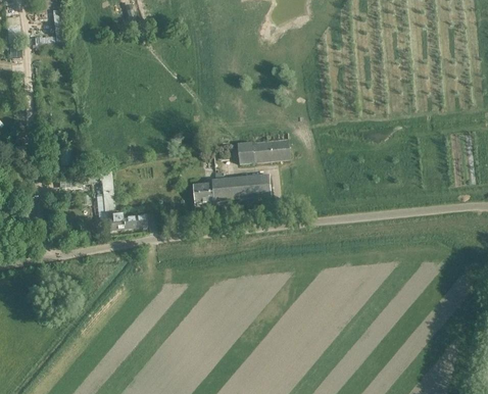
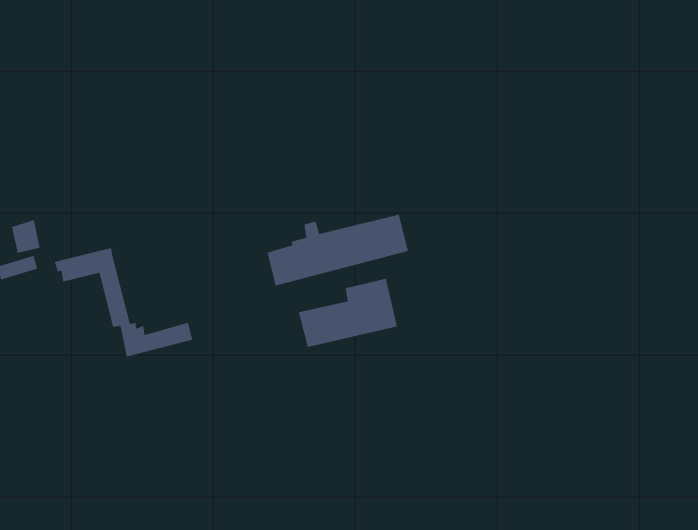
building: [237,132,290,163] -> [298,278,398,348]

